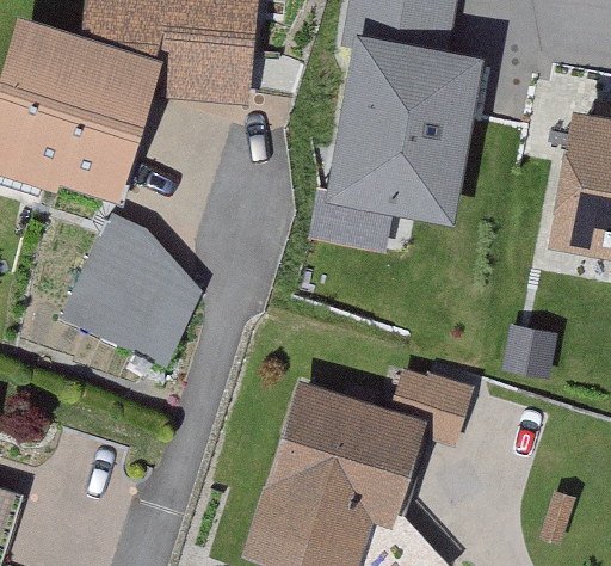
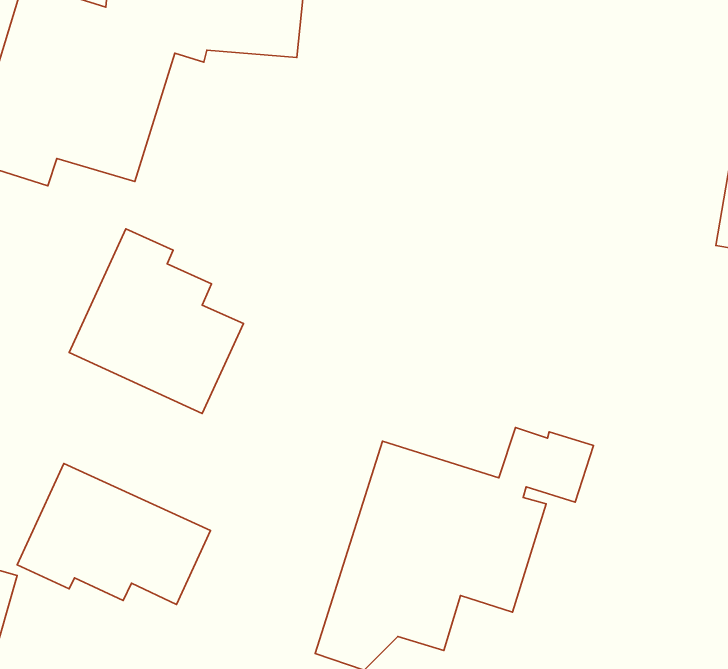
building: [331,47,475,221] -> none
building: none -> [17,464,210,604]

